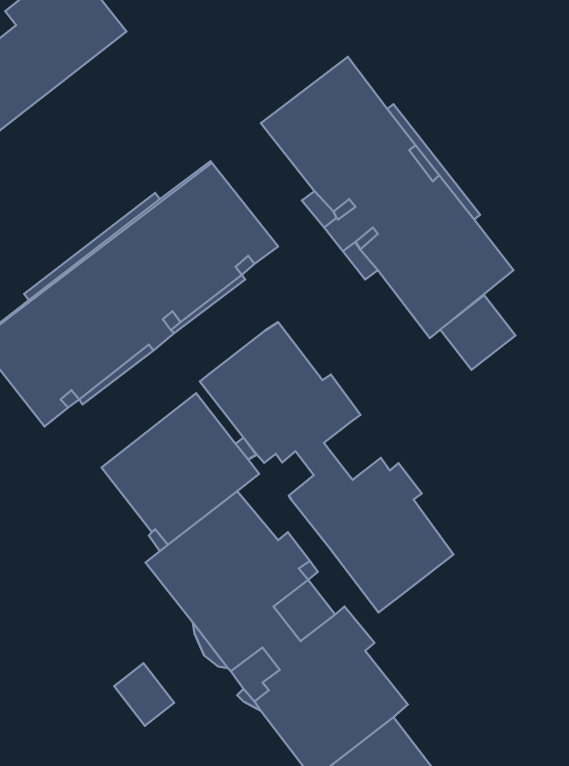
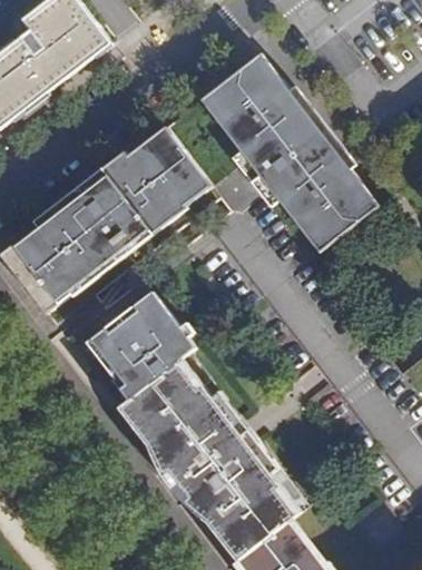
building: [440,295,516,370] -> none
building: [200,322,454,612] -> none
building: [114,663,174,726] -> none

